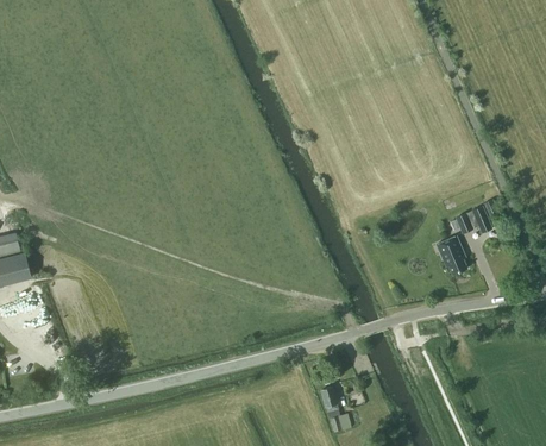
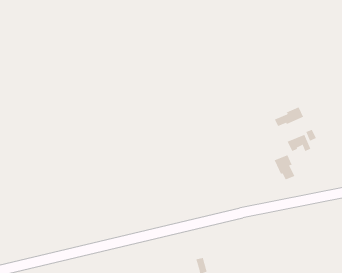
building: none -> [274,106,304,127]

